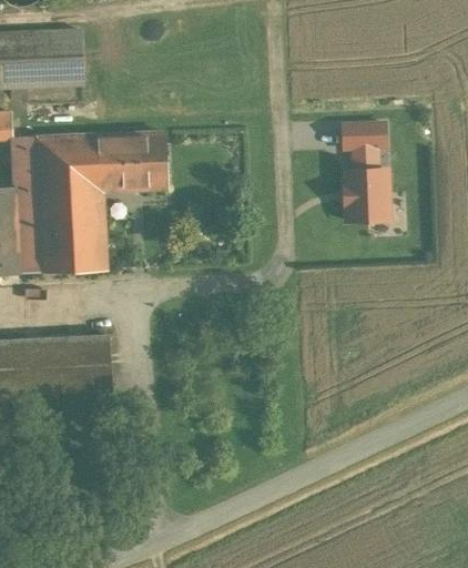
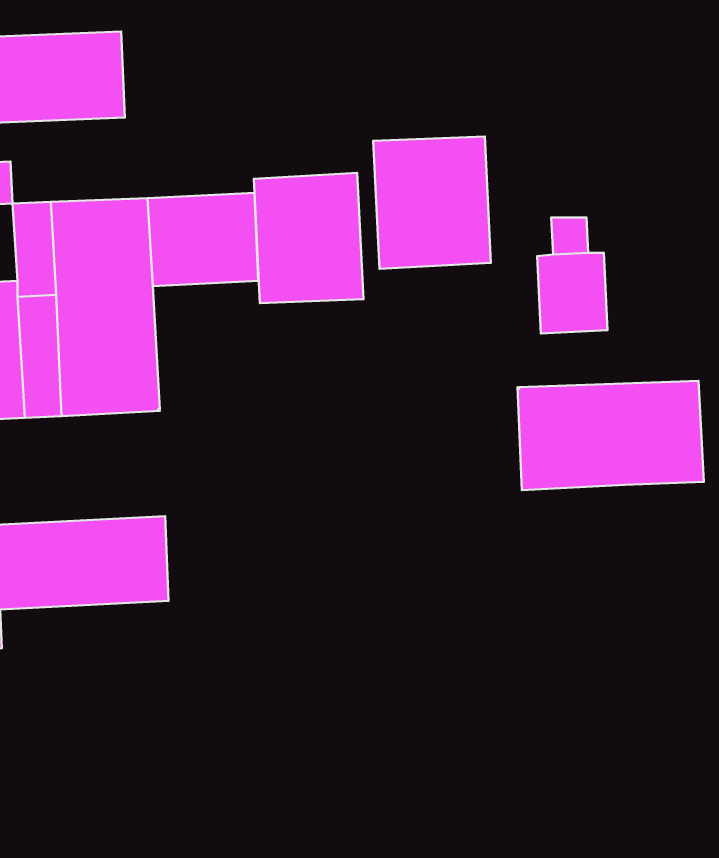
building: none -> [373,137,491,269]
building: none -> [254,173,363,303]
building: [344,122,386,148] -> none
building: none -> [518,381,704,490]

